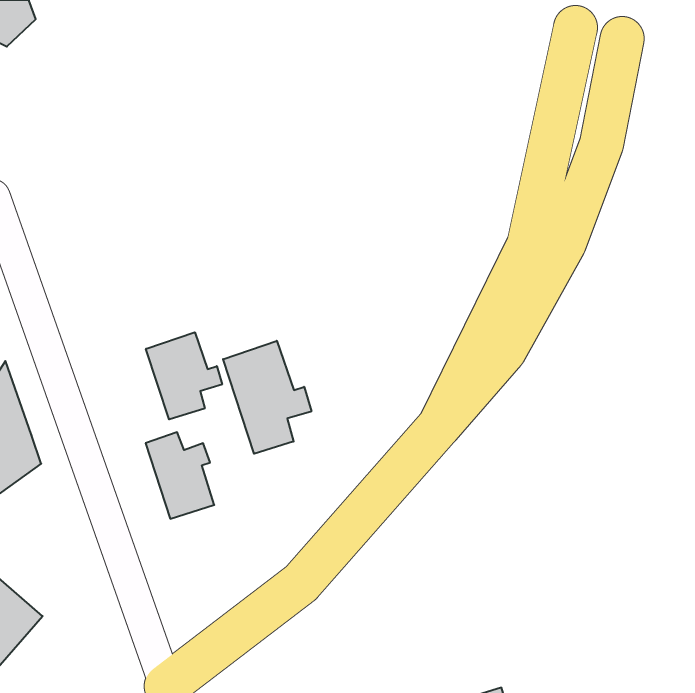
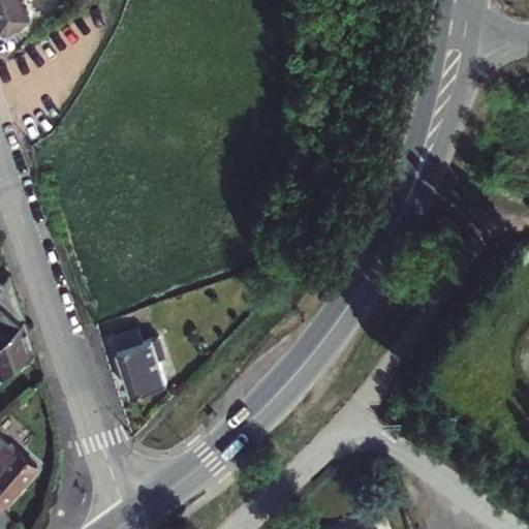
building: [146,332,222,419] -> none
building: [223,341,311,454] -> none

